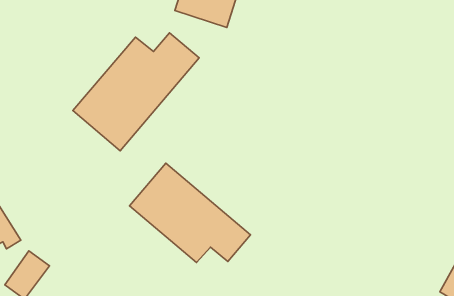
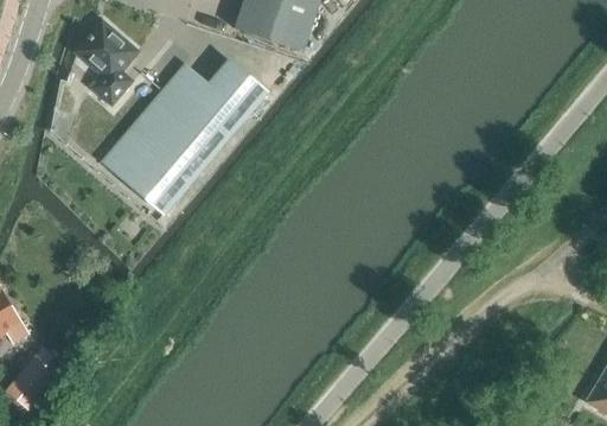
building: none -> [77,21,136,104]
building: [130,163,250,262] -> none

